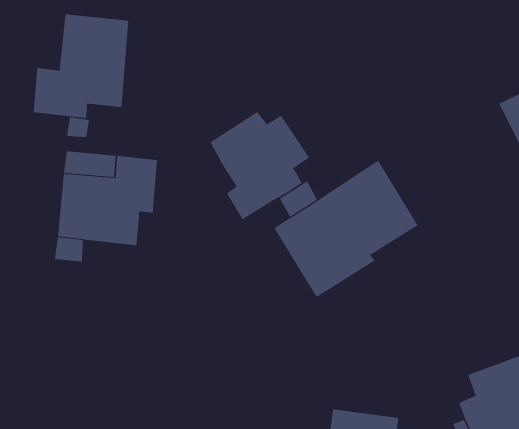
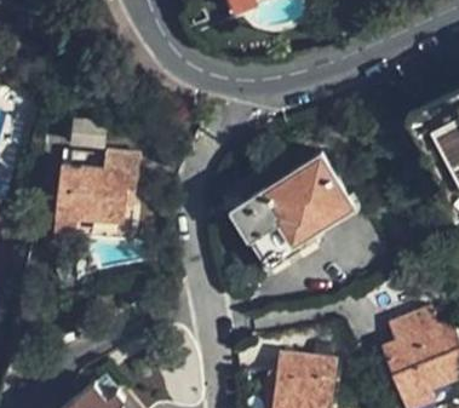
building: [33,14,129,119] -> none
building: [210,111,310,220] -> none

